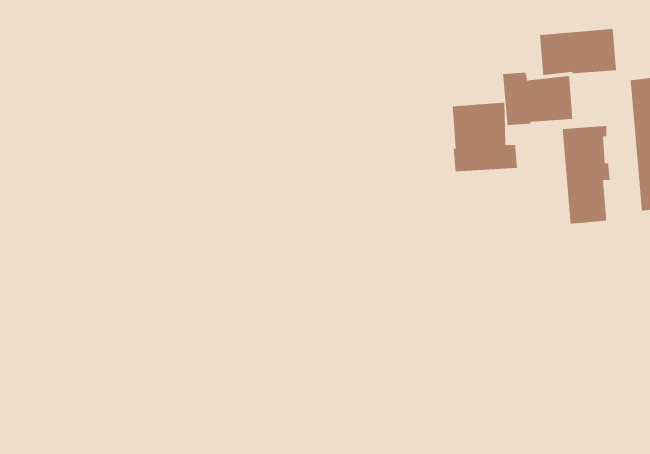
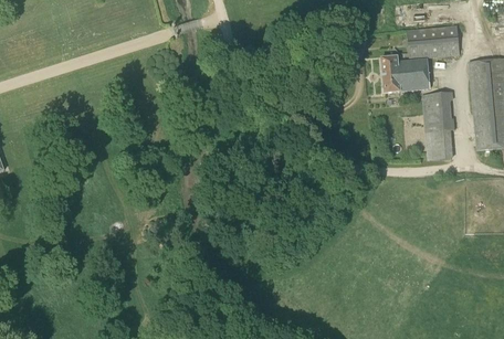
building: [452,102,518,172] -> none

